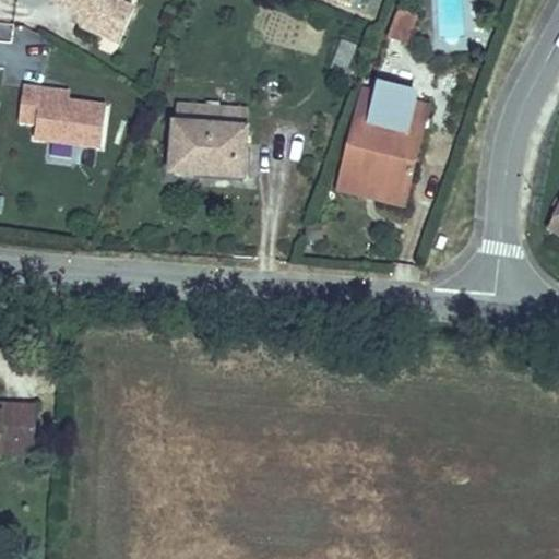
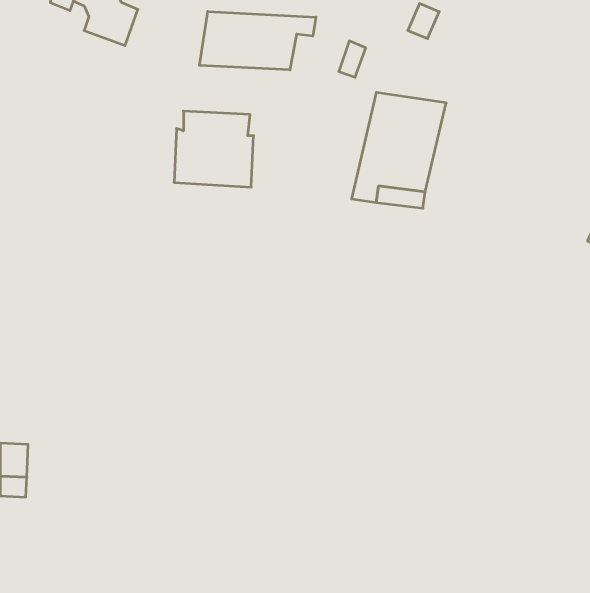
building: none -> [199,11,316,70]
building: [21,86,107,147] -> none

